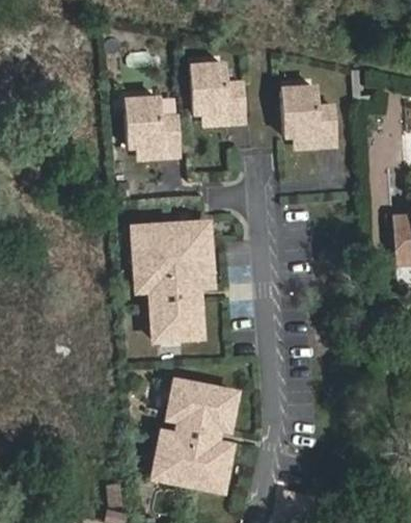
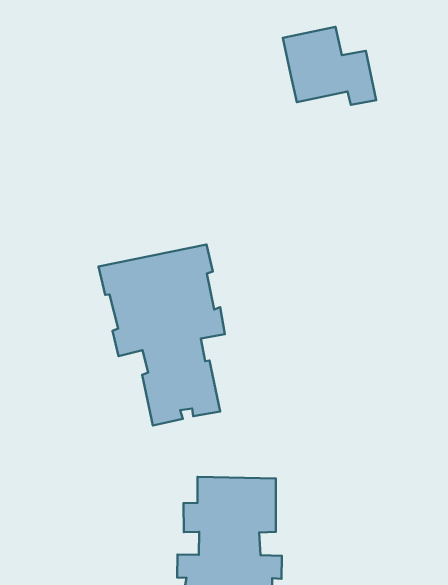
building: [186,66,244,120] -> none
building: [121,100,179,154] -> none

